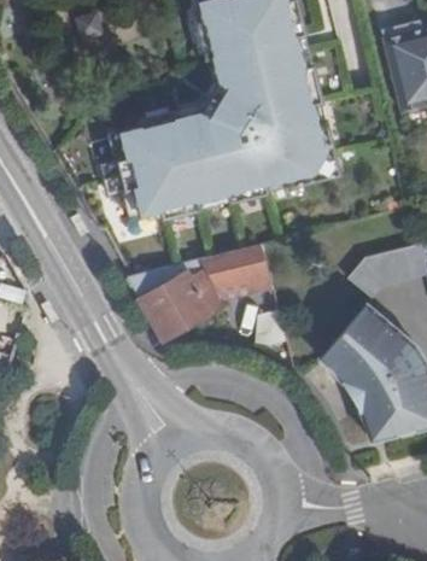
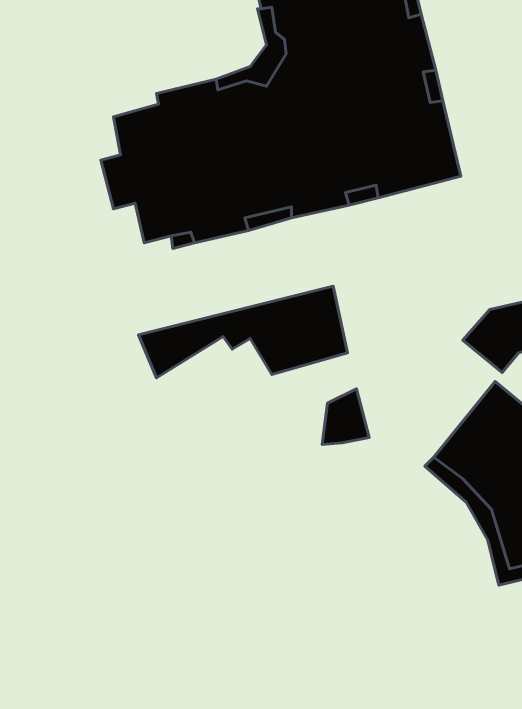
building: [140,277,220,347] -> none

